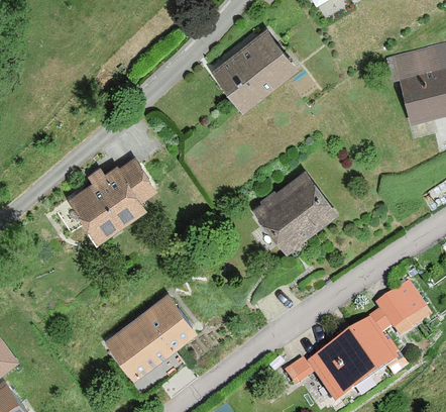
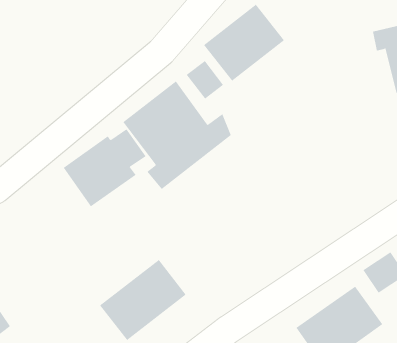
building: none -> [186,60,224,99]
building: none -> [122,81,231,190]
building: [253,170,338,252] -> none

